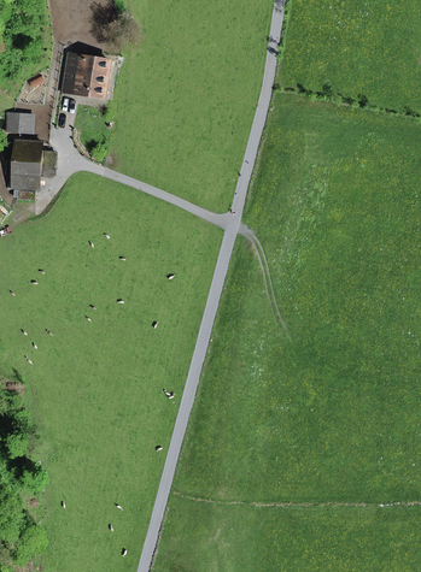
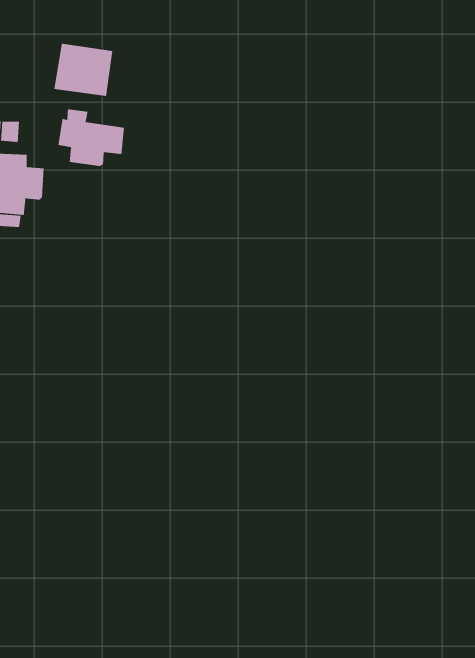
building: none -> [58,109,124,167]

